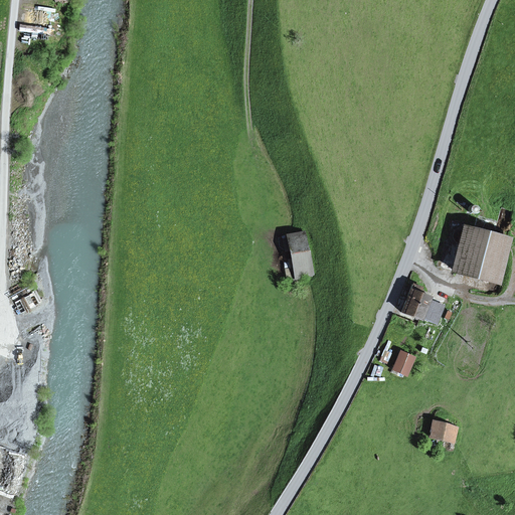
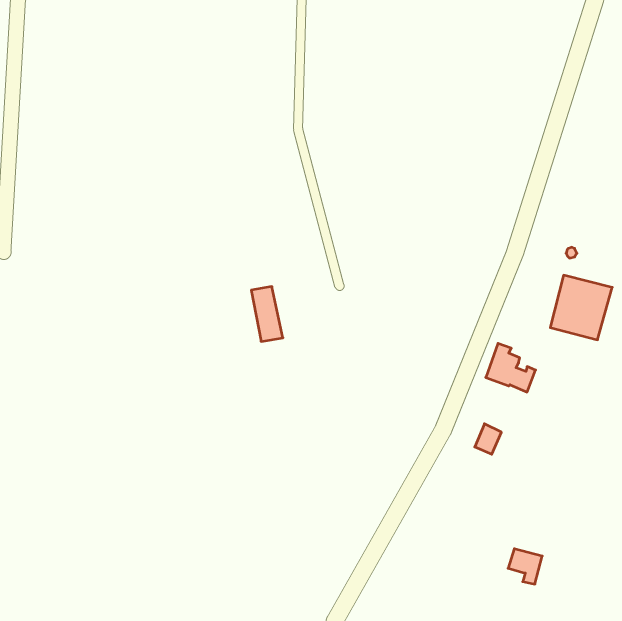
building: [288,232,314,278] -> [251,287,283,341]
building: [428,419,457,449] -> [508,549,542,584]

